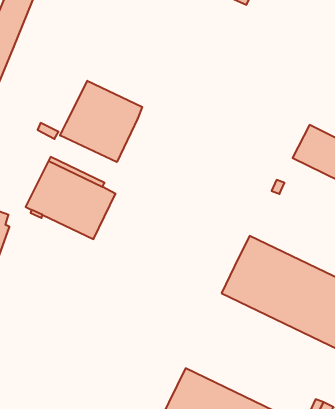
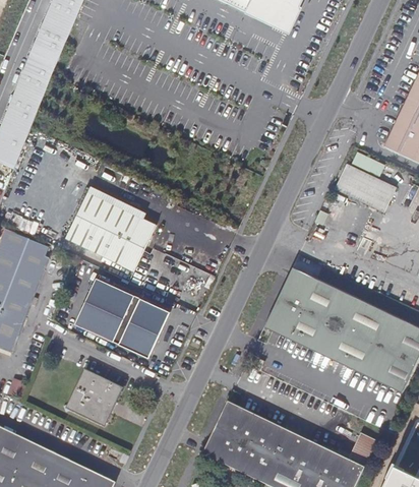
building: [60,81,142,162] -> none
building: none -> [73,277,169,358]
building: none -> [65,372,119,426]

